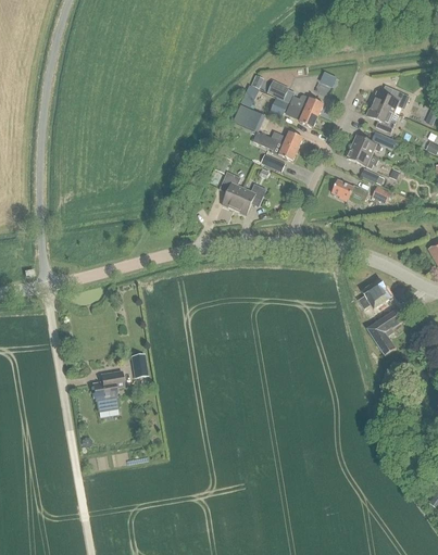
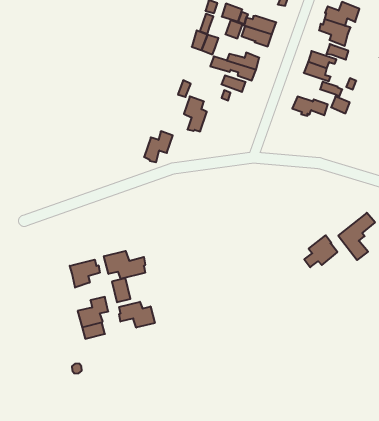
building: [235,184,266,215] -> [144,131,173,162]
building: [356,278,391,310] -> [304,235,337,267]
building: none -> [104,251,145,279]
building: none -> [70,260,100,288]
building: none -> [119,302,155,328]

